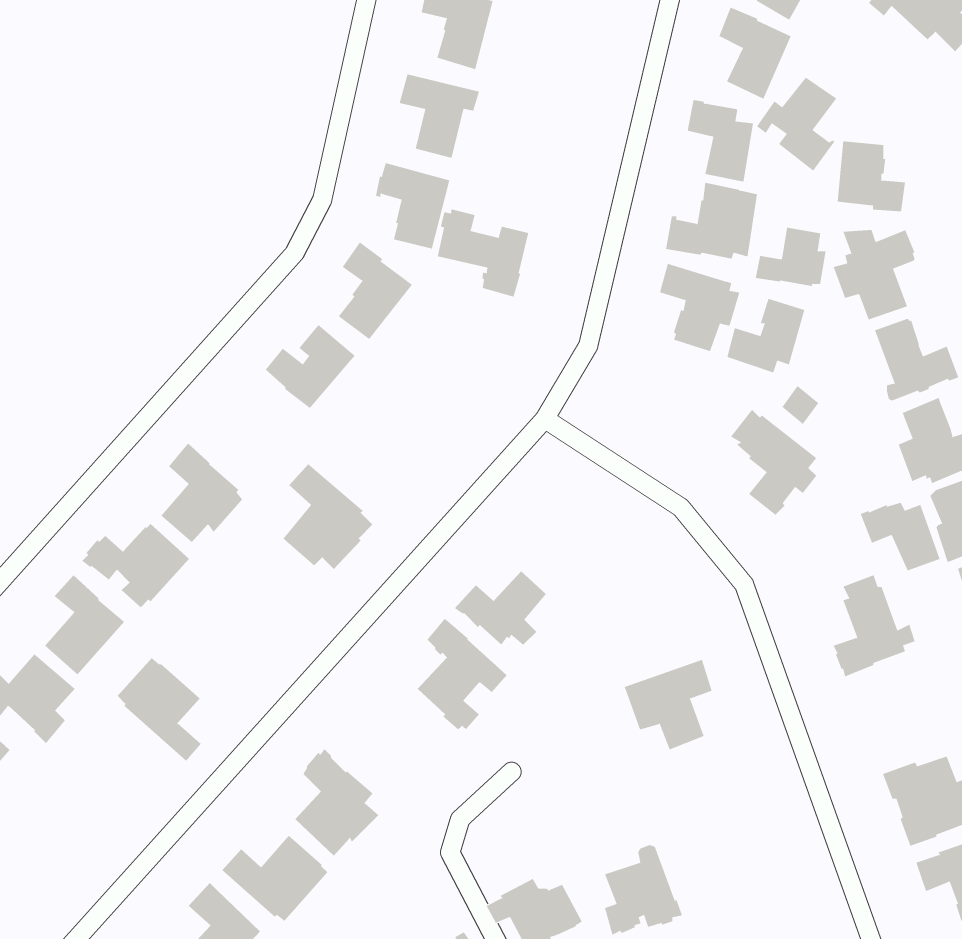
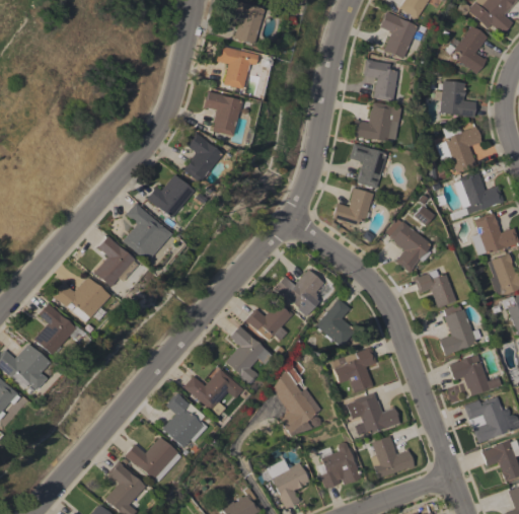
building: [756,77,837,171] -> [447,25,489,74]
building: [437,208,529,297] -> none
building: [755,227,826,287] -> none
building: [726,298,805,373] -> [332,188,373,226]
building: [283,464,373,570] -> [123,203,169,258]
building: [860,502,941,571] -> [415,272,456,307]
building: none -> [274,269,323,310]
building: none -> [316,298,357,348]
building: [117,657,202,762] -> none
building: none -> [449,354,501,395]
building: none -> [273,365,320,437]
building: none -> [183,368,242,416]
building: none -> [354,391,400,435]
building: none -> [371,436,415,479]

